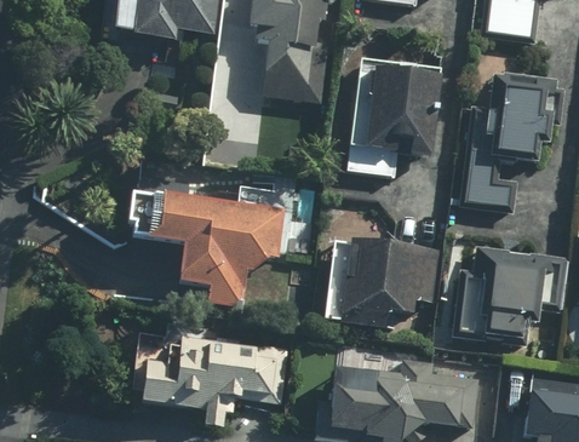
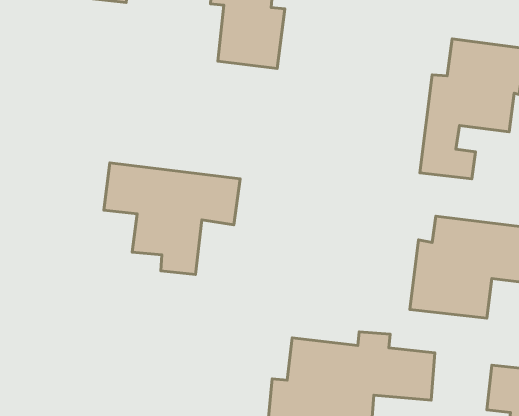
building: [365,67,440,160] -> none
building: [326,237,437,326] -> none
building: [142,335,287,425] -> none

